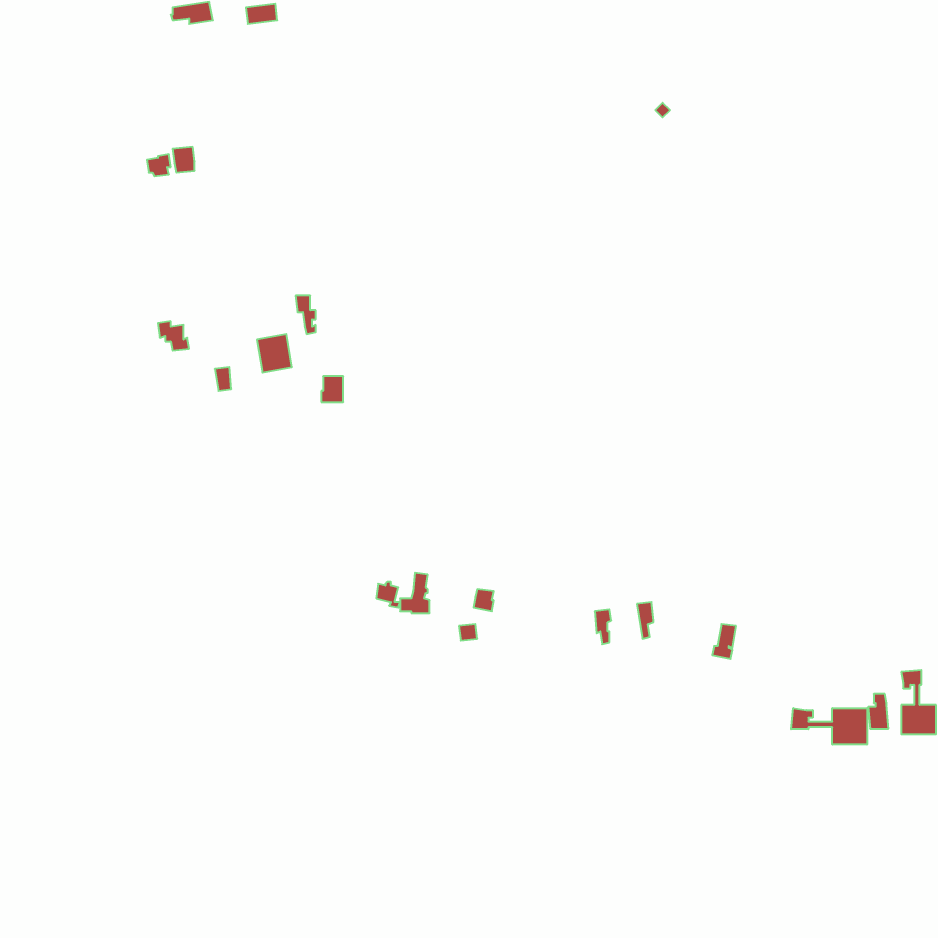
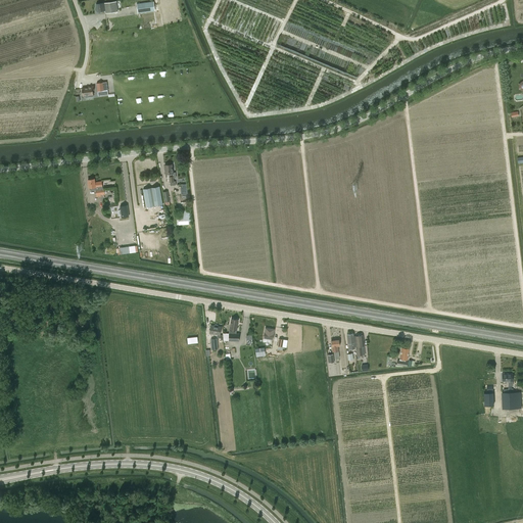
building: [791,708,867,745] -> none

